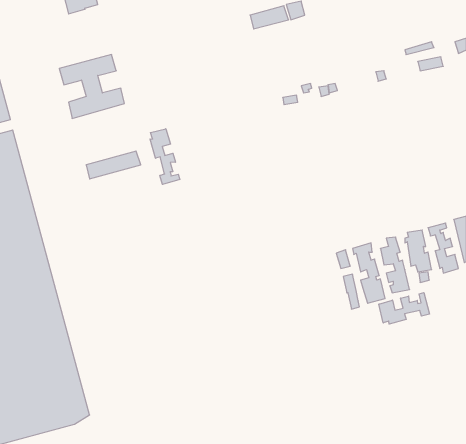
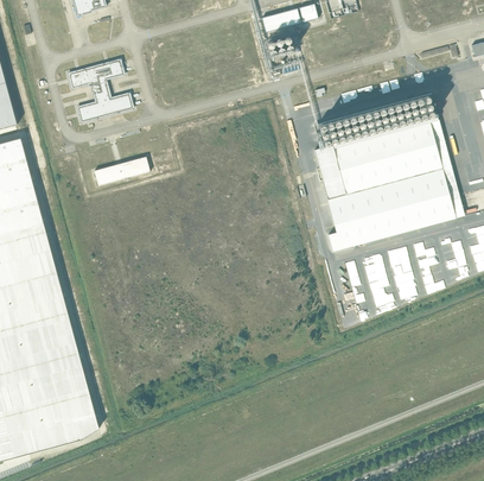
building: none -> [313,95,454,252]
building: [150,129,180,184] -> none
building: [379,293,429,324] -> none

